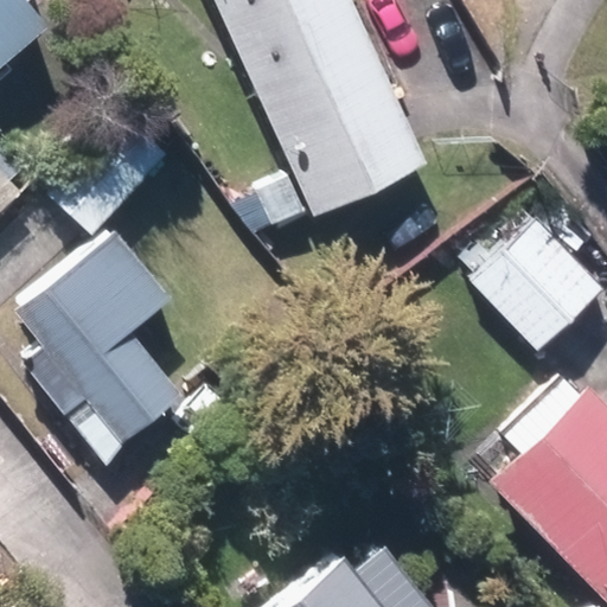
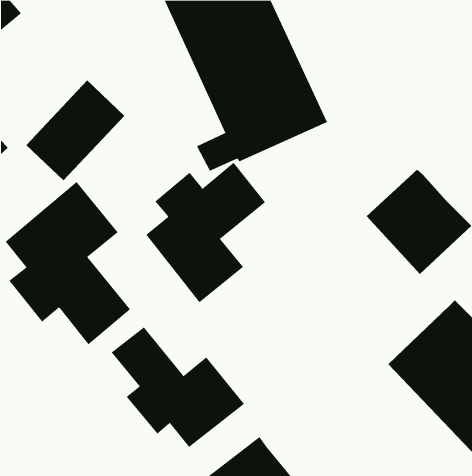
building: none -> [145,162,266,303]
building: none -> [111,327,245,448]

